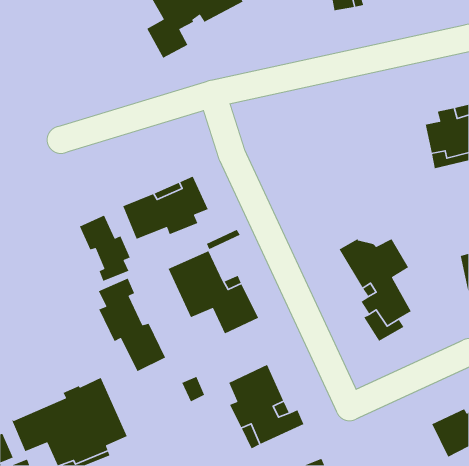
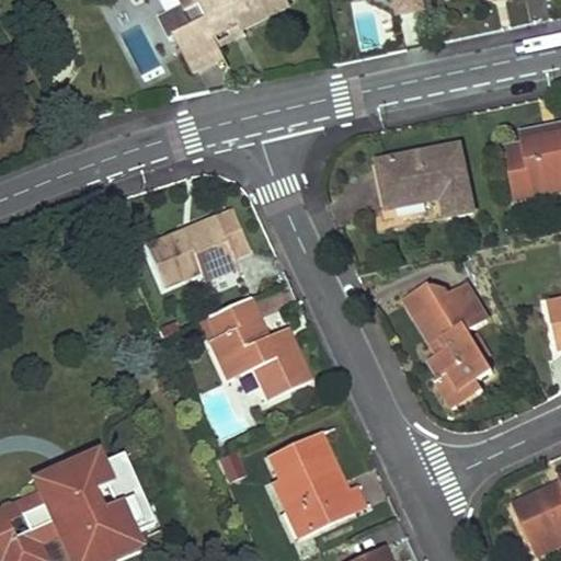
building: none -> [379,146,472,216]
building: [79,214,131,282] -> none
building: [98,278,166,372] -> none

